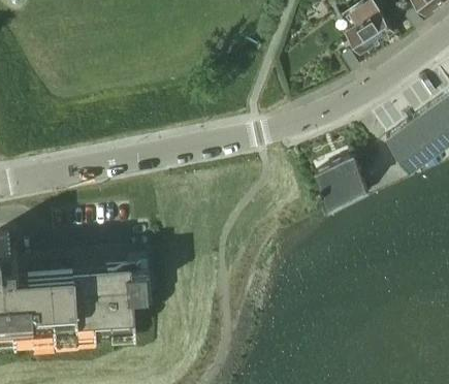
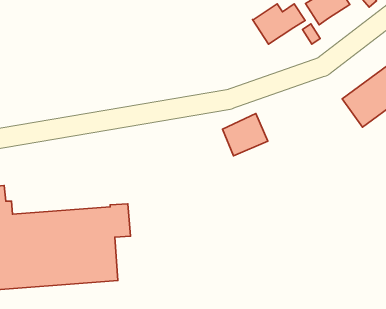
building: none -> [252,4,305,44]
building: [313,156,363,203] -> [223,113,268,156]

